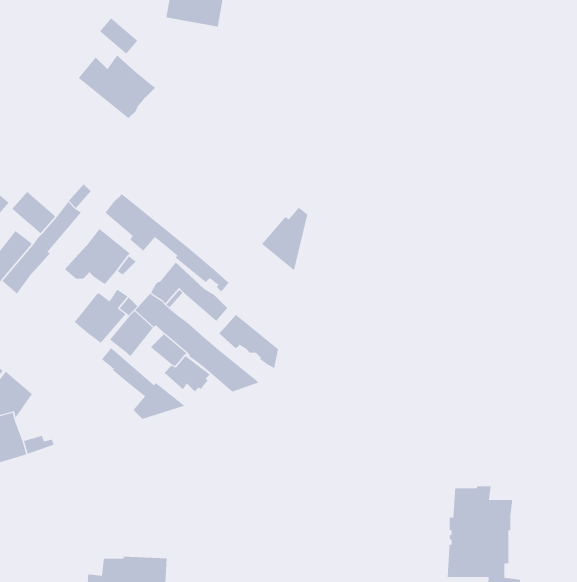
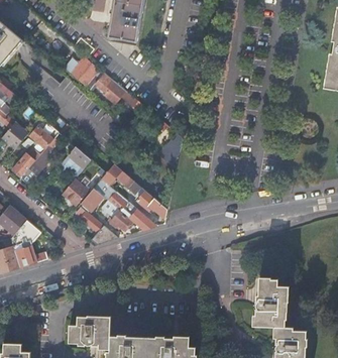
building: [104,193,229,293] -> [95,74,159,125]

